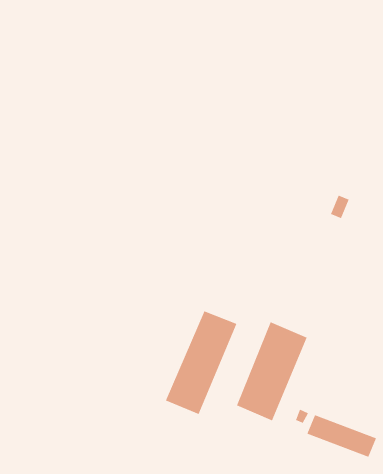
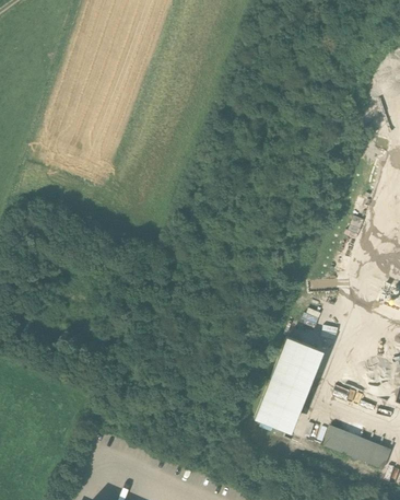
building: [165,310,237,415] -> none

